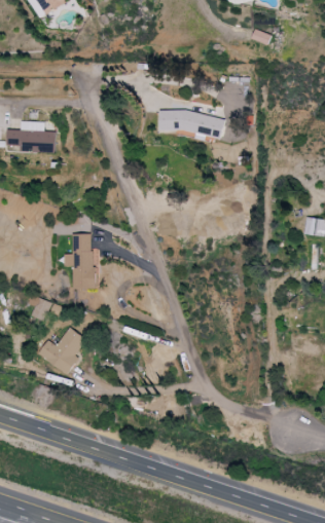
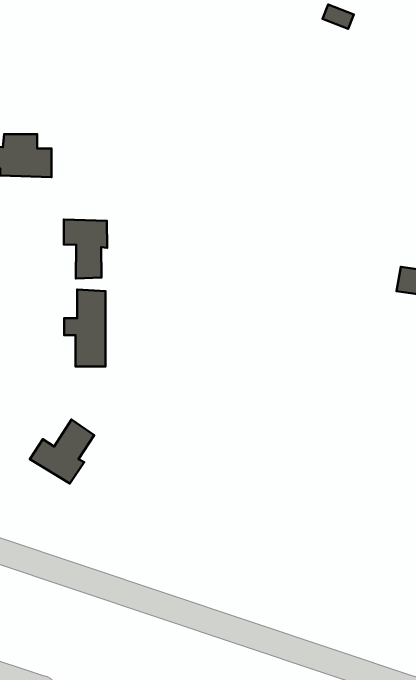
building: [158,112,222,132] -> none
building: none -> [64,219,107,279]

